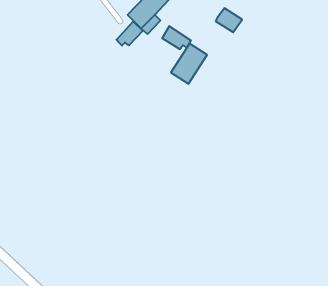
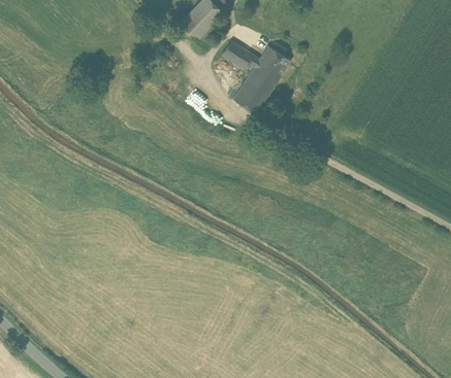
building: [216,8,242,32] -> [256,45,290,76]
building: [116,21,143,46] -> none

